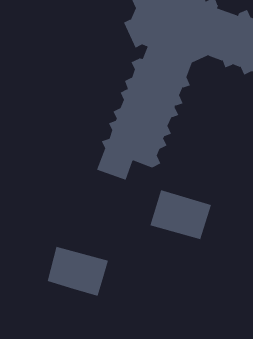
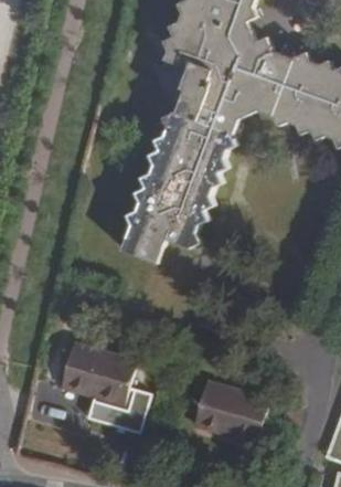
building: [150,190,212,240] -> [194,380,270,442]
building: none -> [87,387,151,432]

